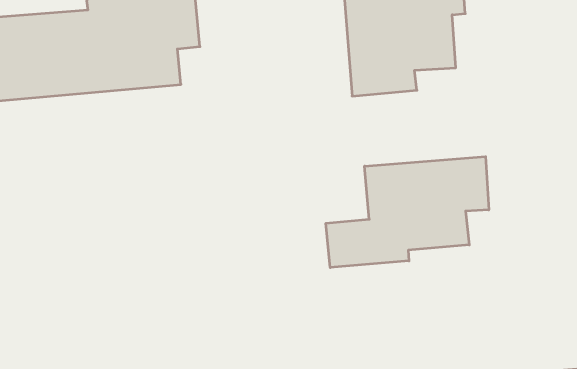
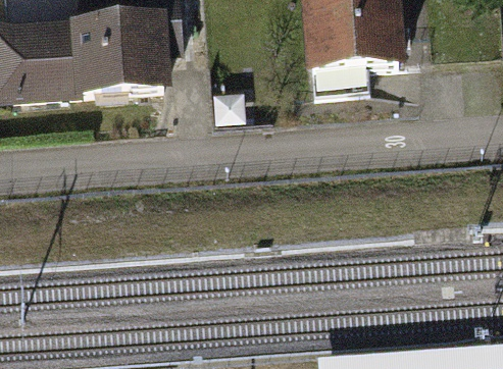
building: [326,157,489,268] -> none

